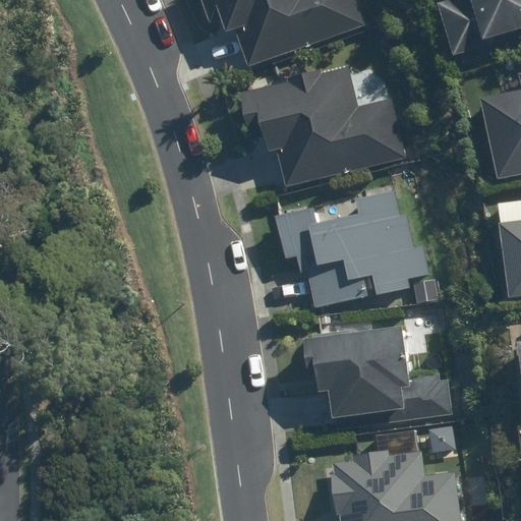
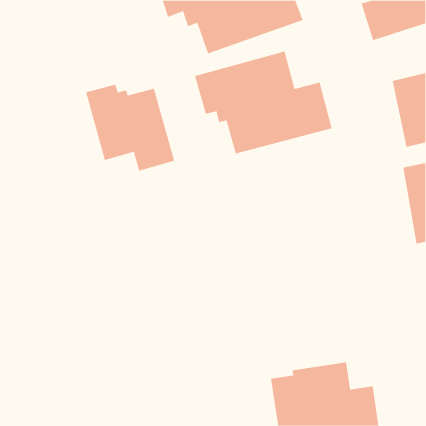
building: none -> [86,84,175,171]
building: [275,189,429,309] -> none
building: [301,326,457,433] -> none

